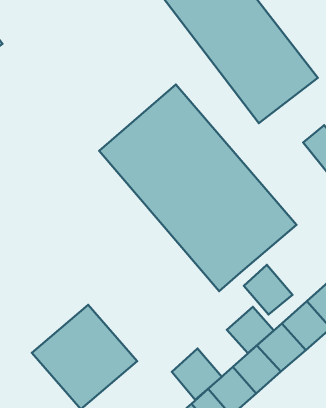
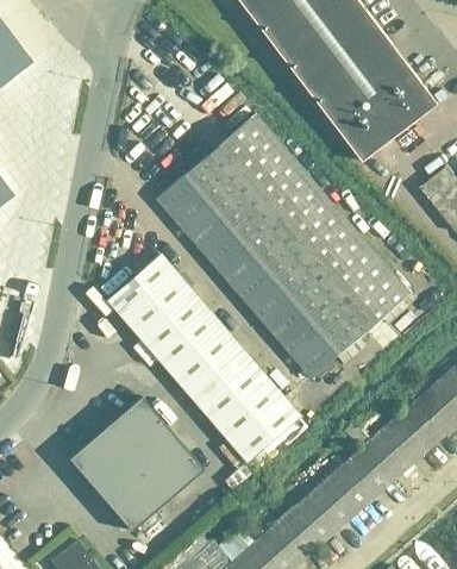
building: none -> [107,252,300,462]
building: [244,265,293,314] -> none
building: [227,307,274,353] -> none
building: [172,349,222,400] -> none

